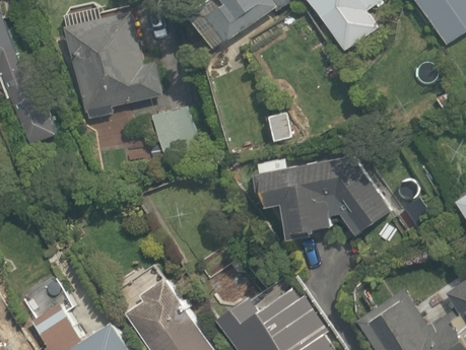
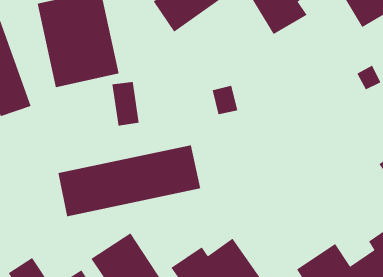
building: [258,156,388,239] -> none
building: none -> [58,145,201,217]

